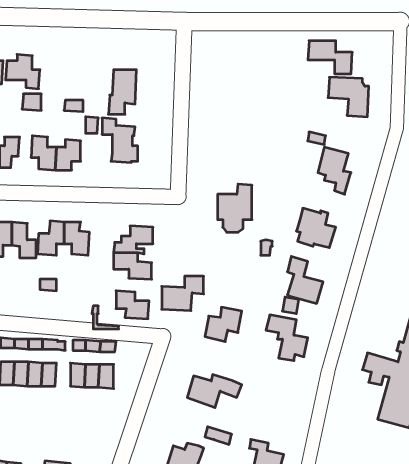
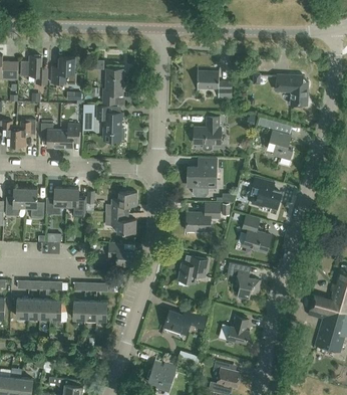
building: [308,41,352,74] -> [196,71,231,97]
building: none -> [51,56,75,82]
building: none -> [194,116,221,151]
building: [162,276,204,311] -> [186,203,219,230]
building: none -> [226,315,249,343]

